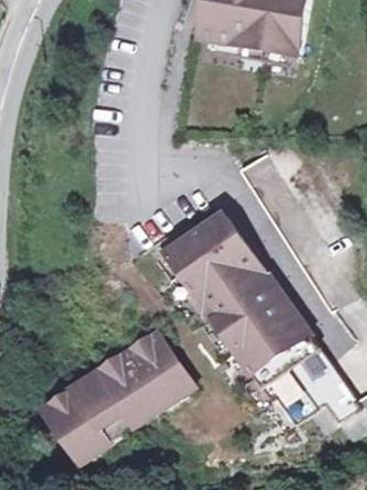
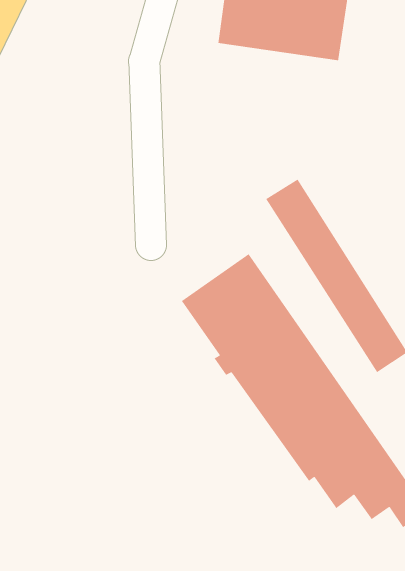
building: [48,332,194,461] -> none

